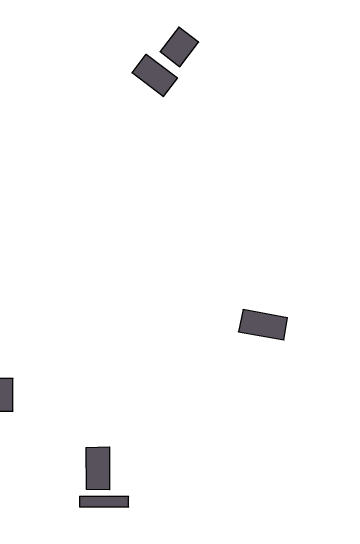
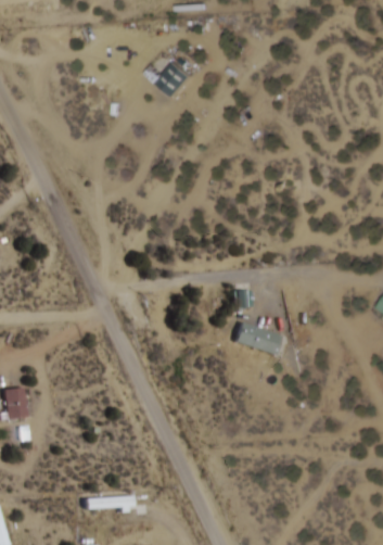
building: [132,54,177,97] -> none
building: [86,447,110,490] -> none

